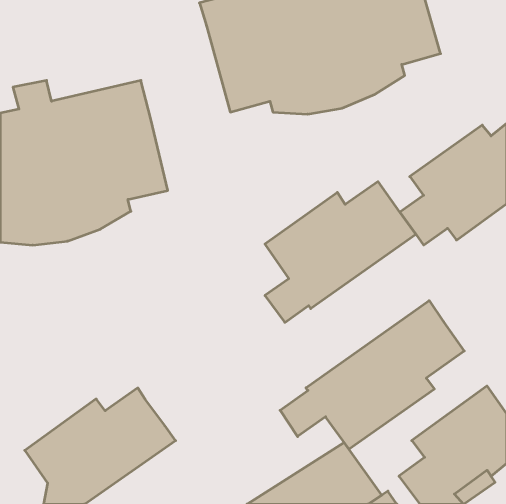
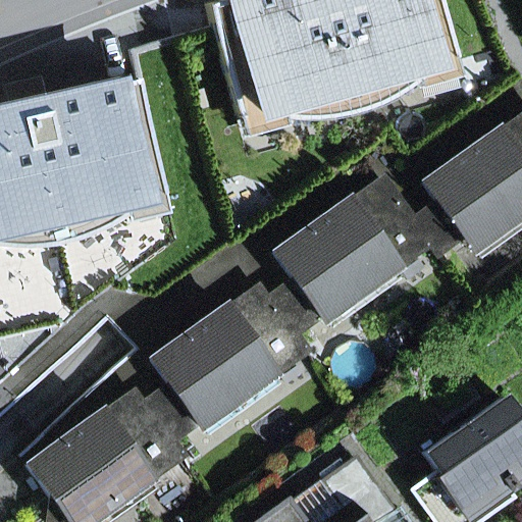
building: none -> [150,293,305,437]
building: [280,301,464,449] -> none

